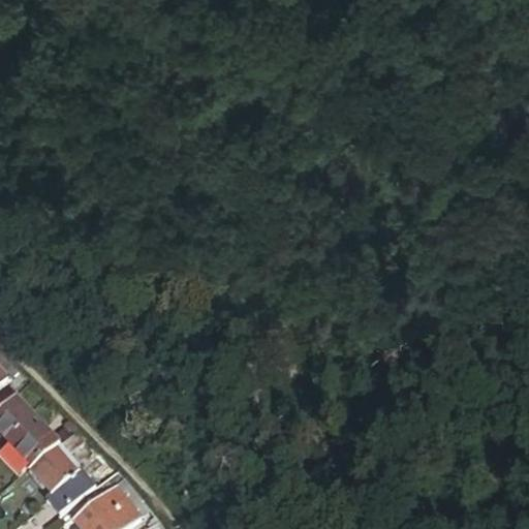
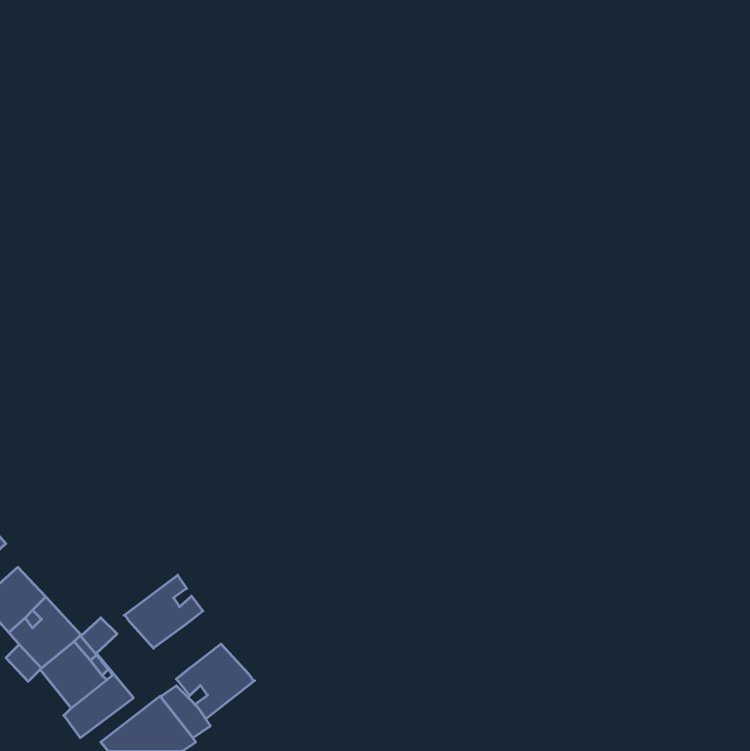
building: none -> [124,575,203,648]
building: none -> [176,644,255,719]

